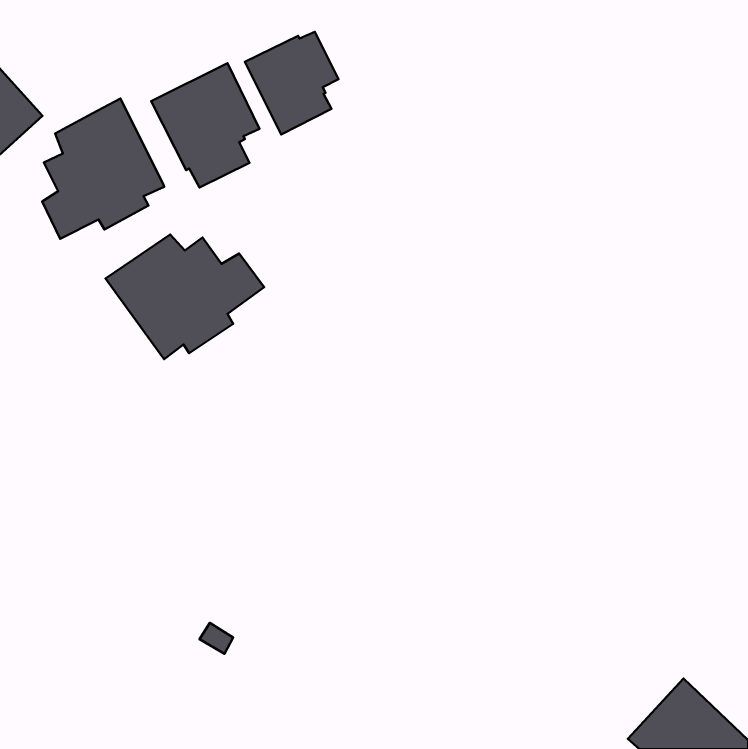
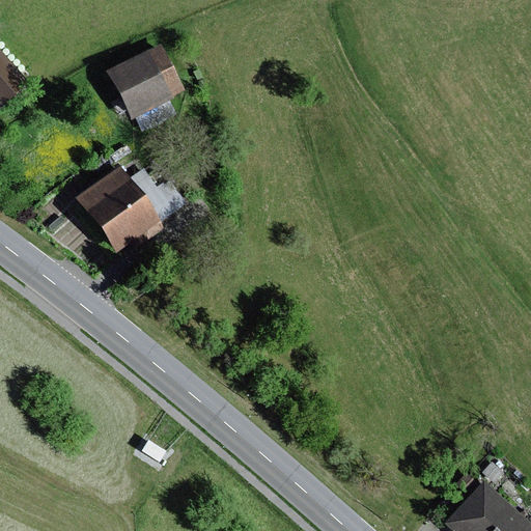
building: [245,32,339,134] -> none
building: [42,98,164,239] -> none

